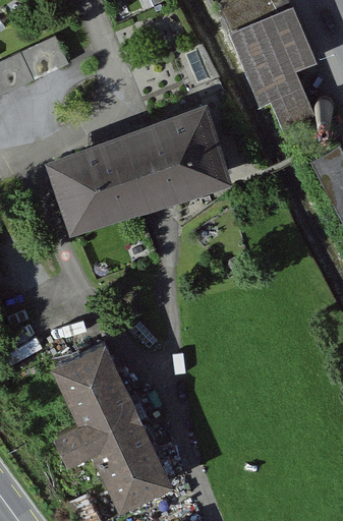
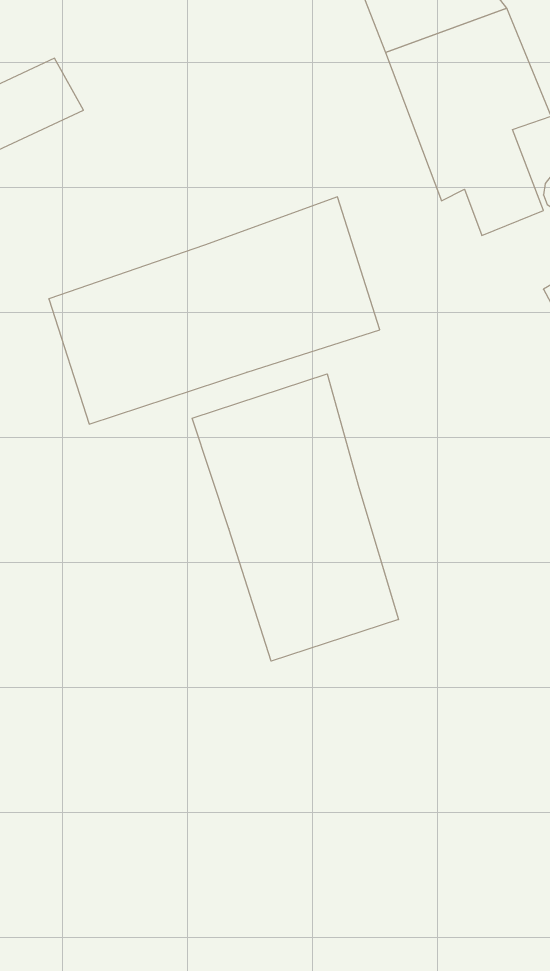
building: none -> [192,374,398,661]
building: [54,345,173,512] -> none

